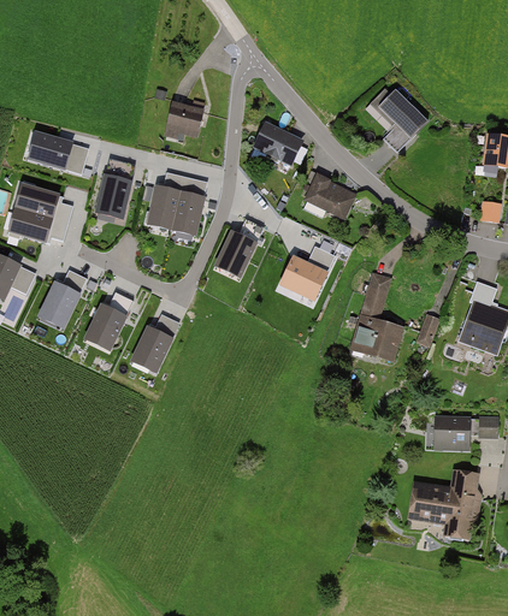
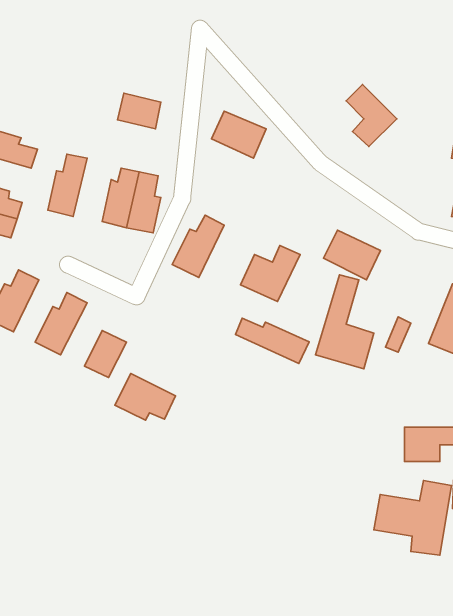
building: [302,174,356,221] -> [323,230,381,280]
building: none -> [236,318,309,364]
building: none -> [115,373,175,420]

